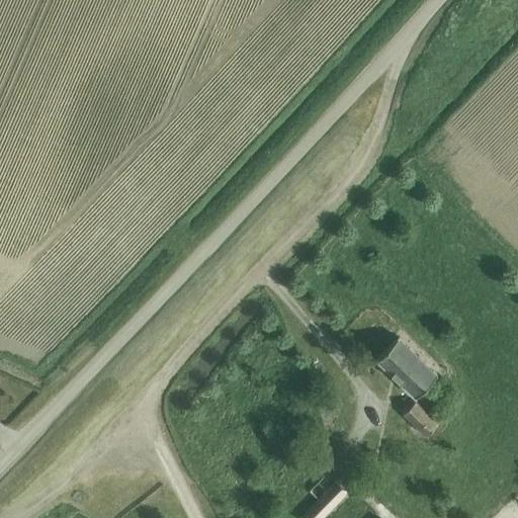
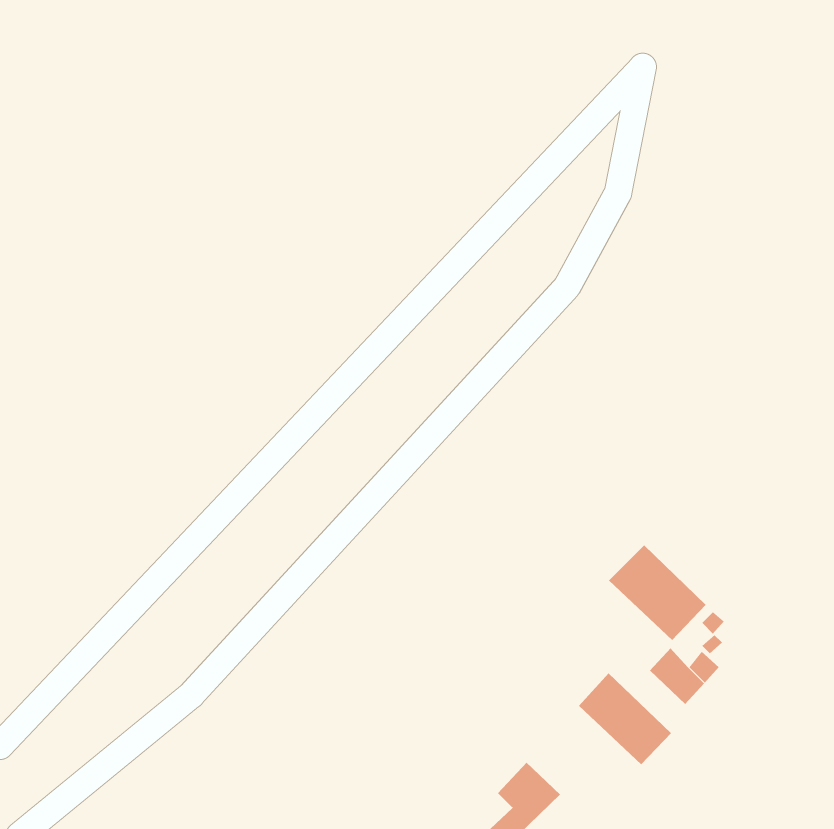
building: none -> [578,673,672,765]

